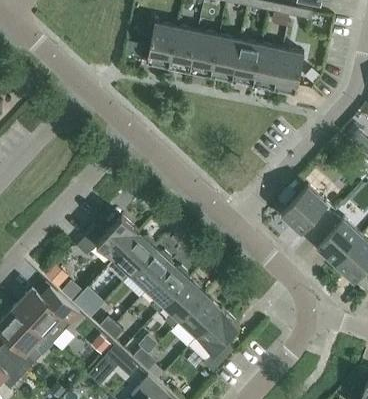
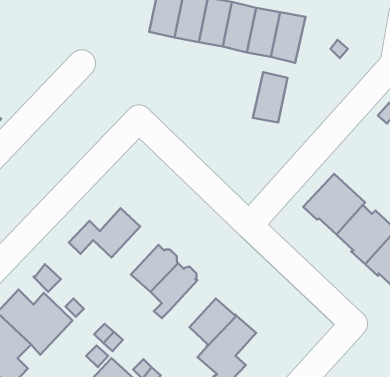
building: [273,49,303,93] -> [253,72,287,123]
building: [113,232,154,282] -> none
building: [164,279,204,329] -> none

